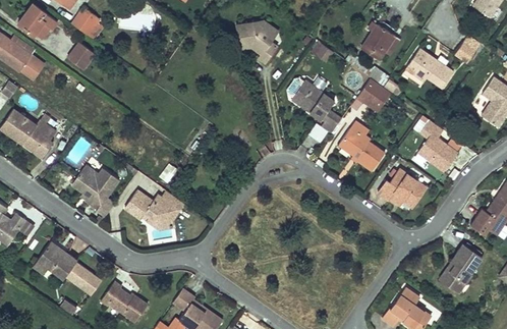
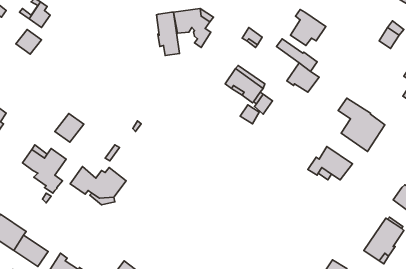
building: none -> [157,12,180,56]
building: [401,48,453,88] -> none
building: [337,120,383,171] -> none
building: none -> [55,114,84,142]

